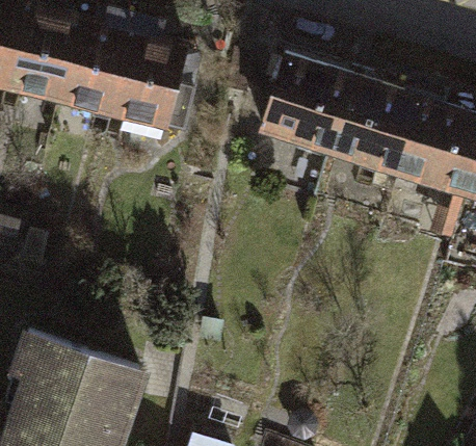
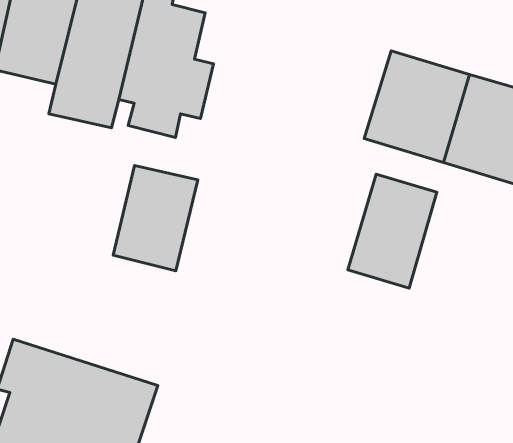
building: [261,55,353,153] -> none
building: none -> [113,165,198,271]
building: none -> [348,174,437,288]

